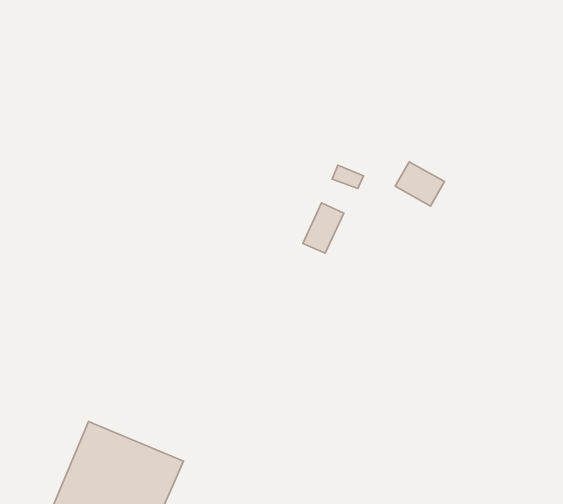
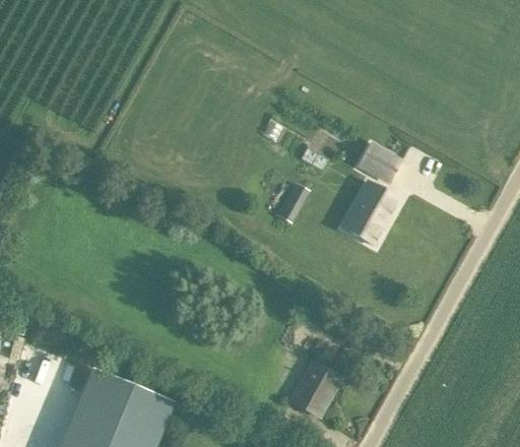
building: none -> [343,182,400,245]
building: none -> [289,362,341,416]

